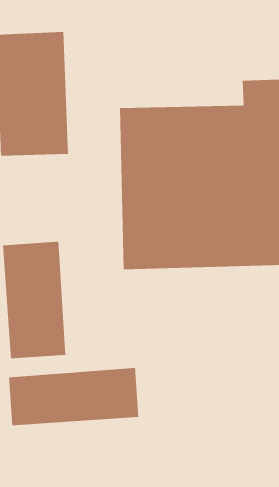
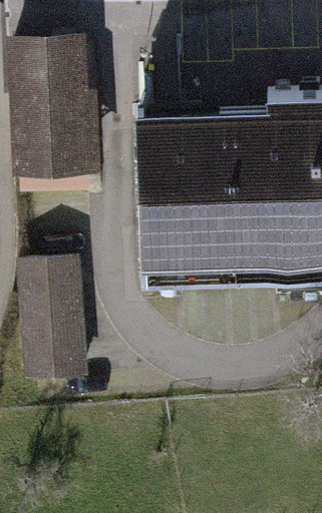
building: [9,367,139,426] -> none

